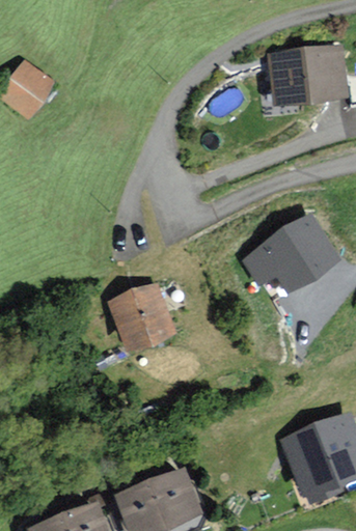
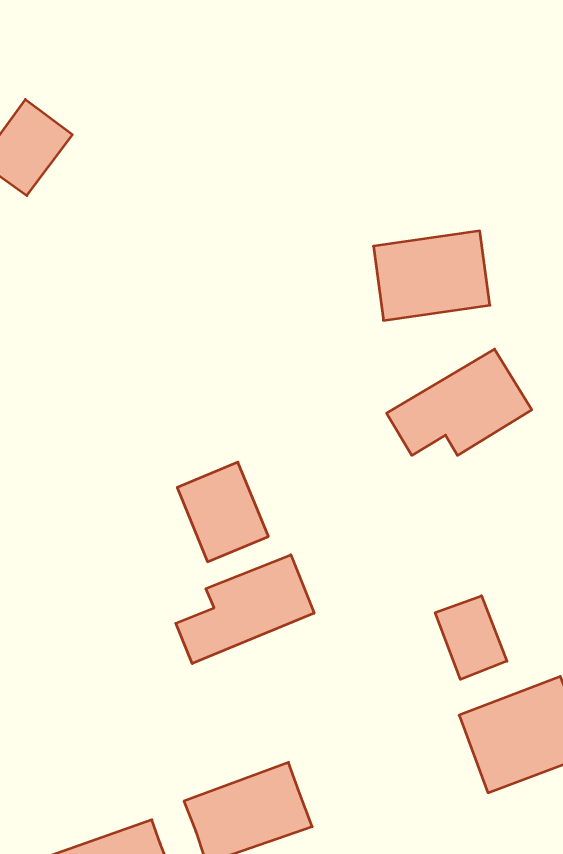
building: [274,47,346,102] -> [373,231,490,320]
building: none -> [176,555,314,664]
building: none -> [435,596,507,679]

